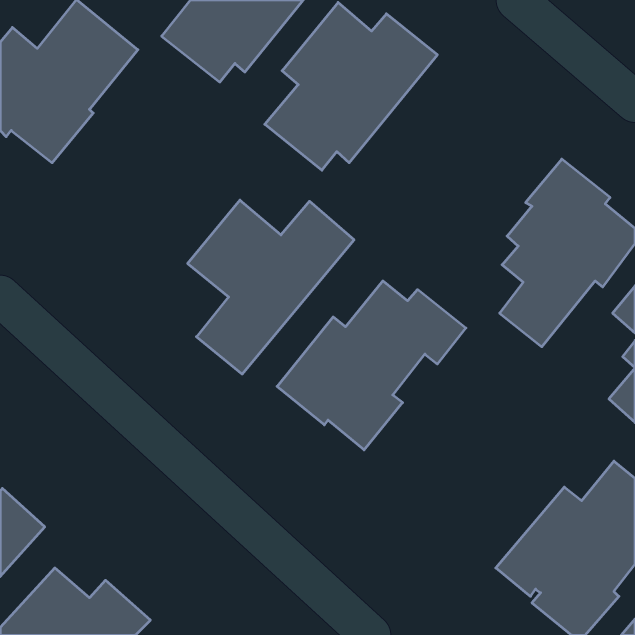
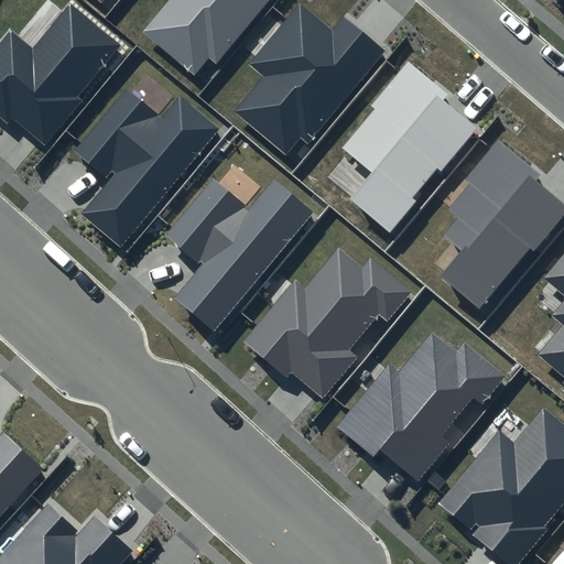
building: none -> [343,62,478,230]
building: none -> [74,87,219,245]
building: none -> [338,332,507,478]

